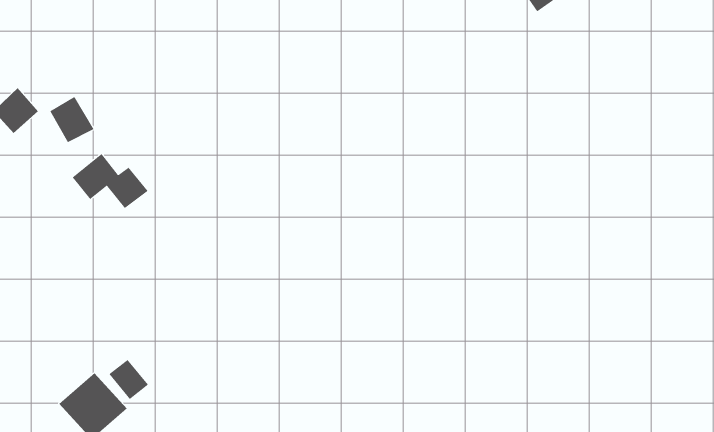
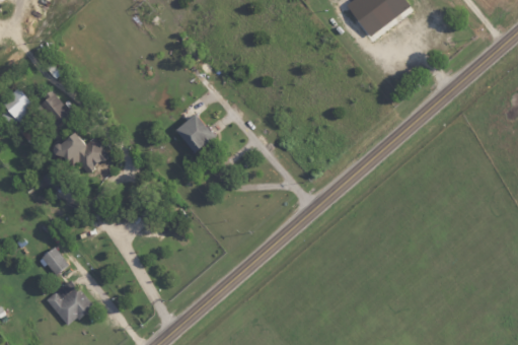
building: none -> [176,114,214,152]
building: [108,359,149,400] -> [42,248,69,275]

